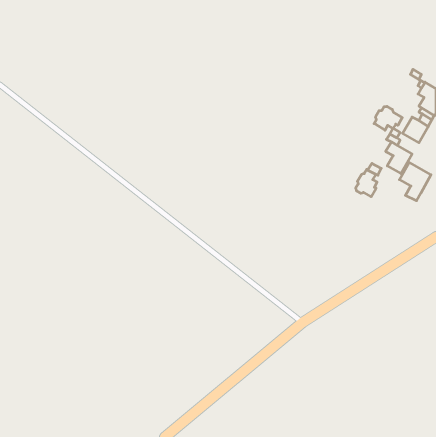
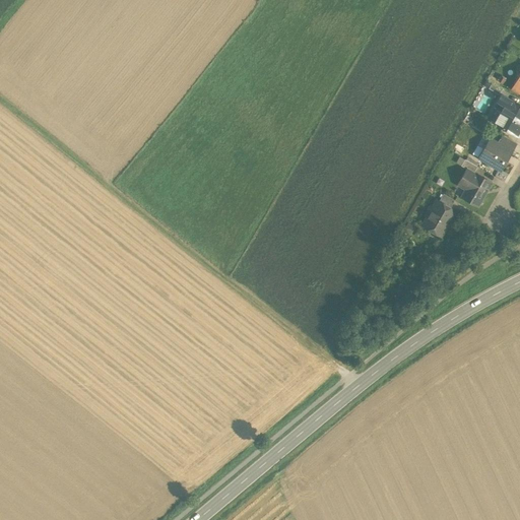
building: [374,106,402,130] -> none
building: [399,162,431,201] -> none

